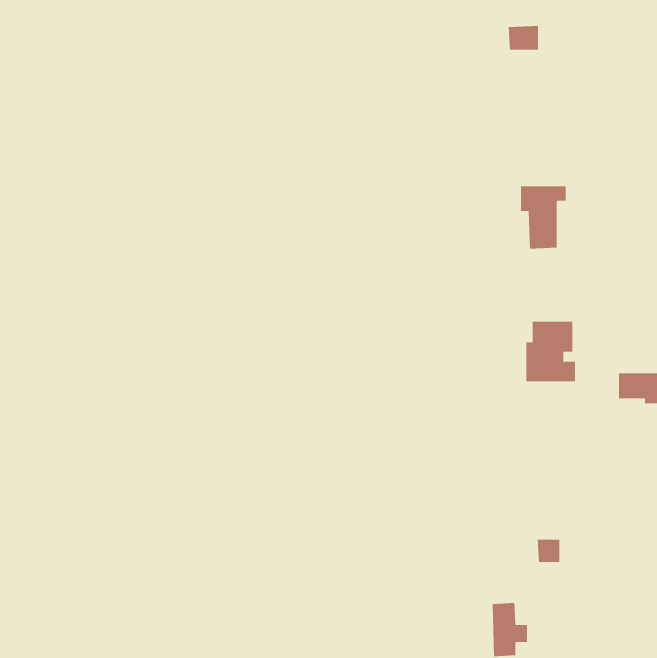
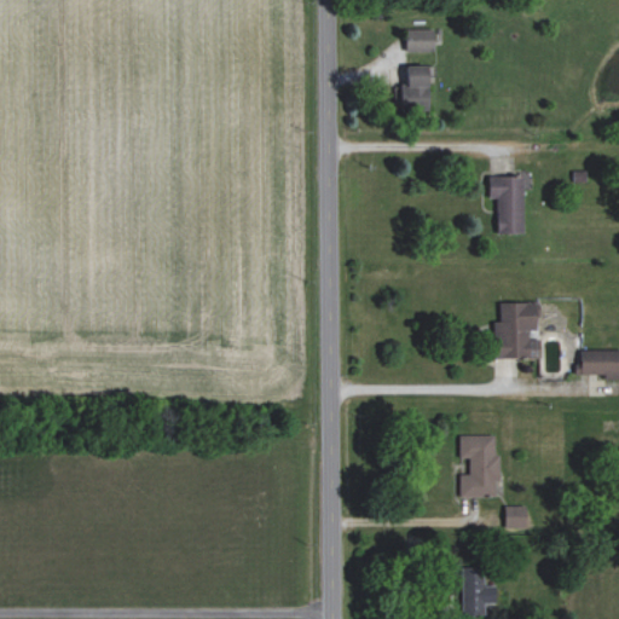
building: [508,26,539,50] -> [406,29,435,52]
building: none -> [401,66,430,111]
building: none -> [459,435,502,497]

